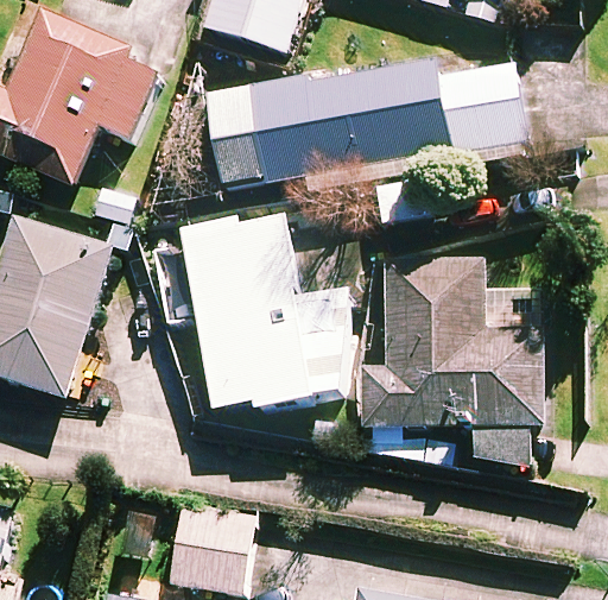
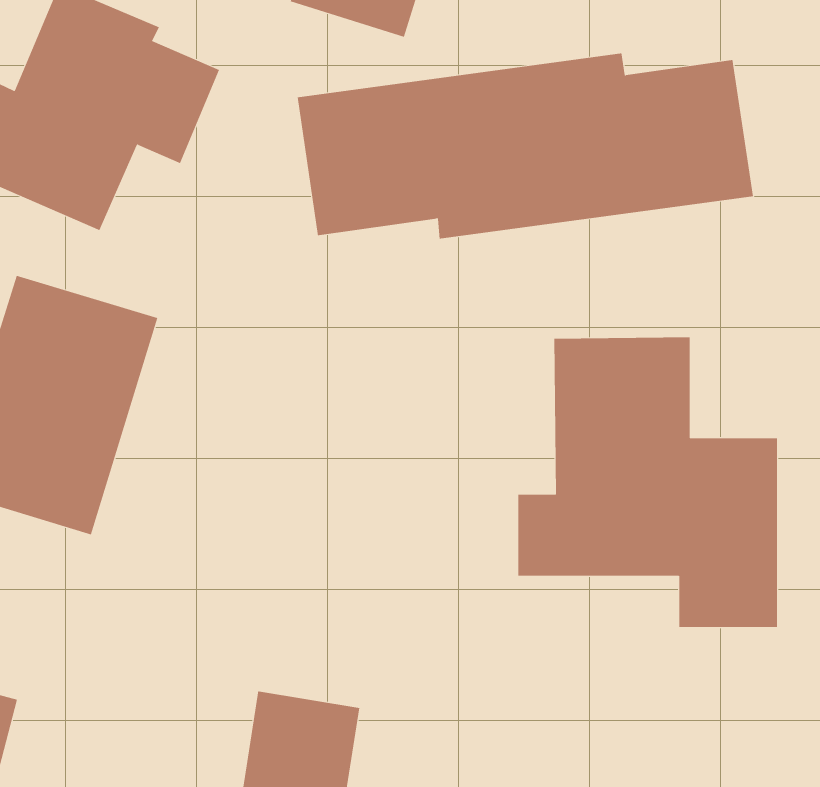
building: [183,210,347,412] -> none

